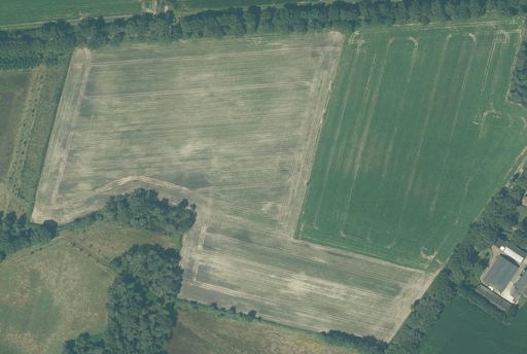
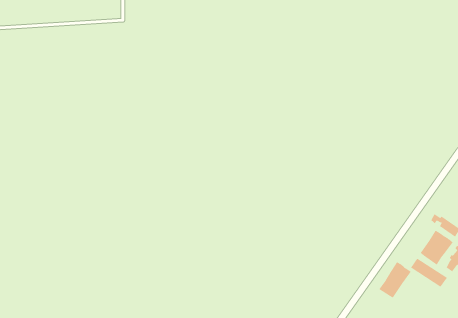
building: none -> [379,262,411,299]

